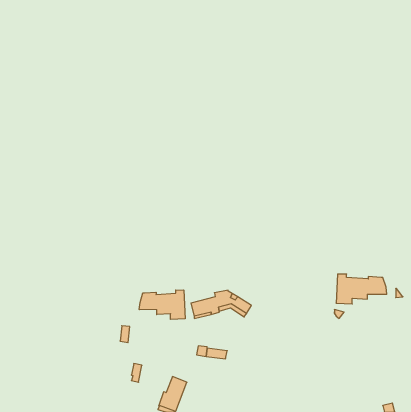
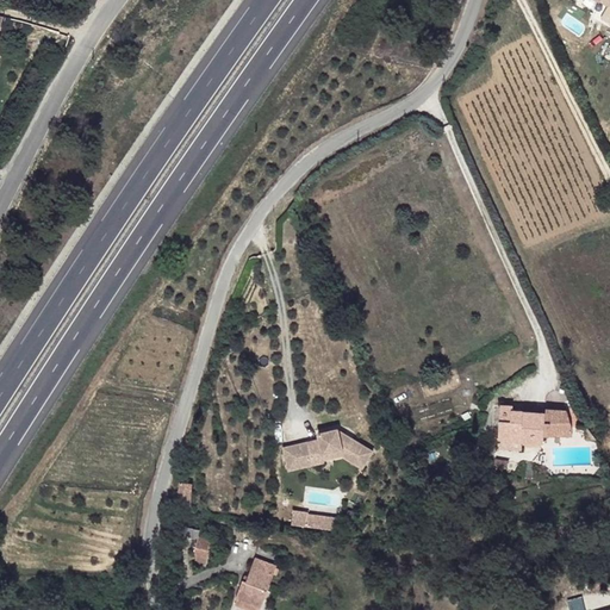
building: [139,290,185,319] -> none

